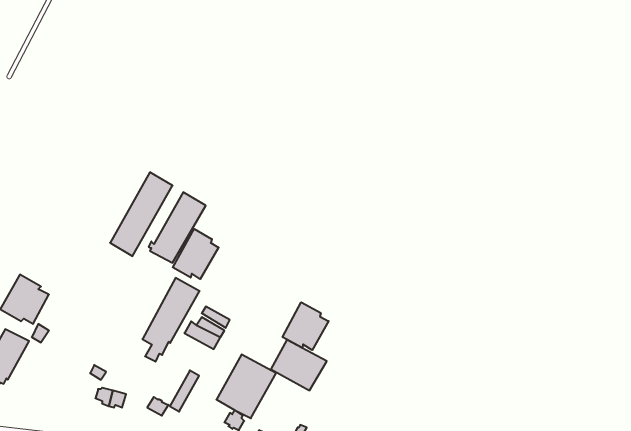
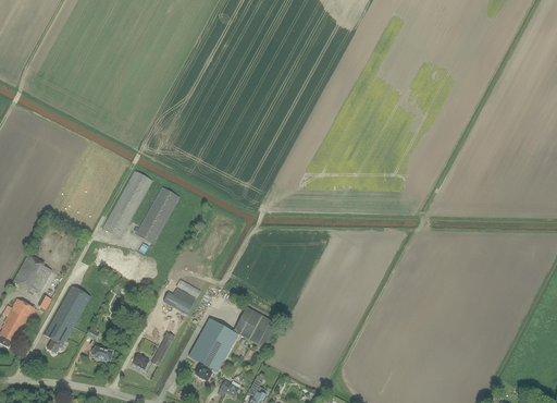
building: [173,229,219,279] -> none
building: [142,278,200,362] -> [44,284,90,353]
building: [283,302,329,350] -> none

